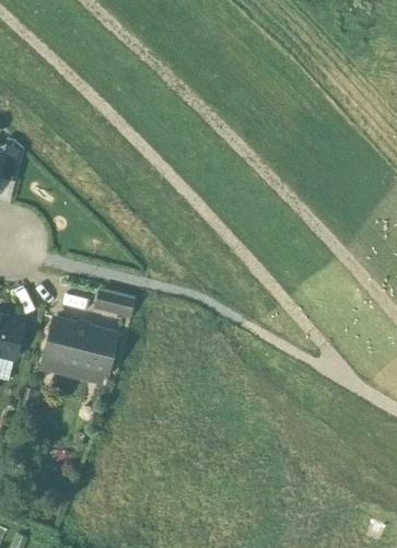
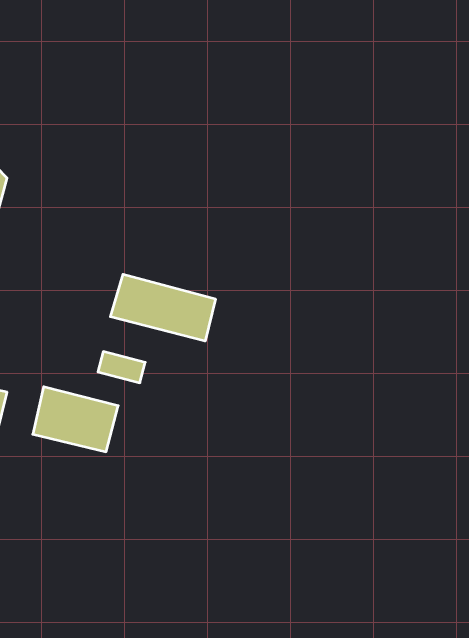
building: none -> [110,274,215,341]

